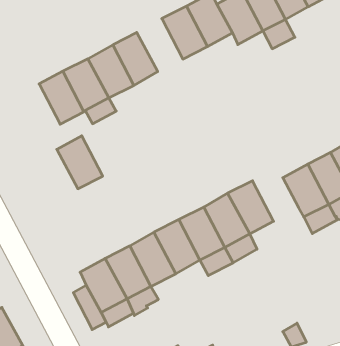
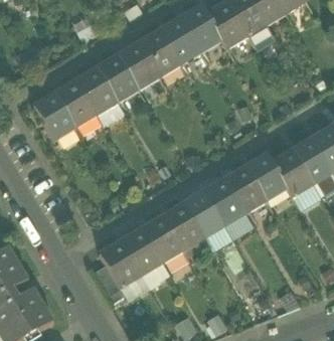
building: none -> [138,28,179,74]
building: [57,136,103,189] -> [34,91,75,137]
building: none -> [245,152,287,199]

